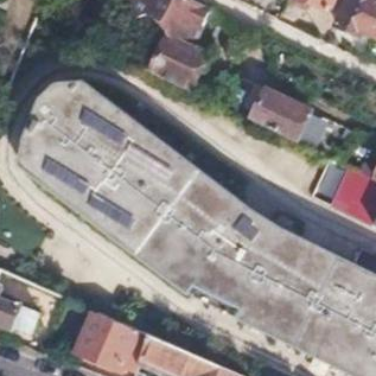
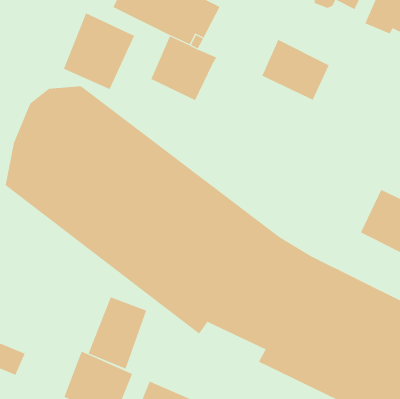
building: none -> [63,12,135,90]
building: [250,89,310,142] -> [262,39,330,100]
building: none -> [88,296,147,369]

